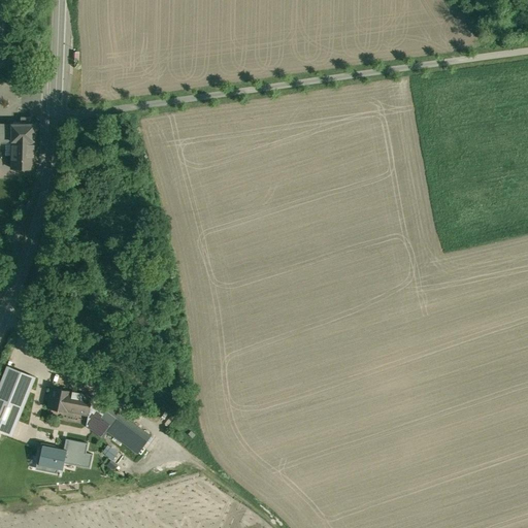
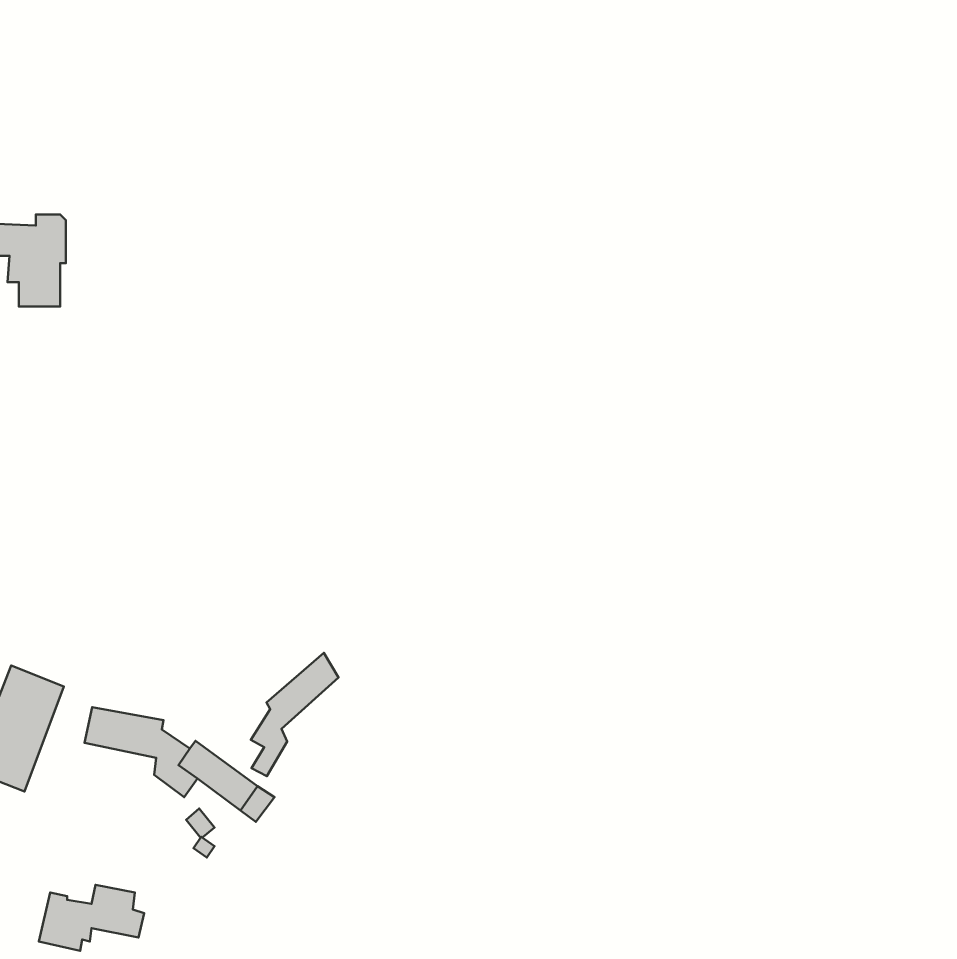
building: none -> [251,653,339,776]
building: [33,439,91,475] -> [39,885,144,951]

